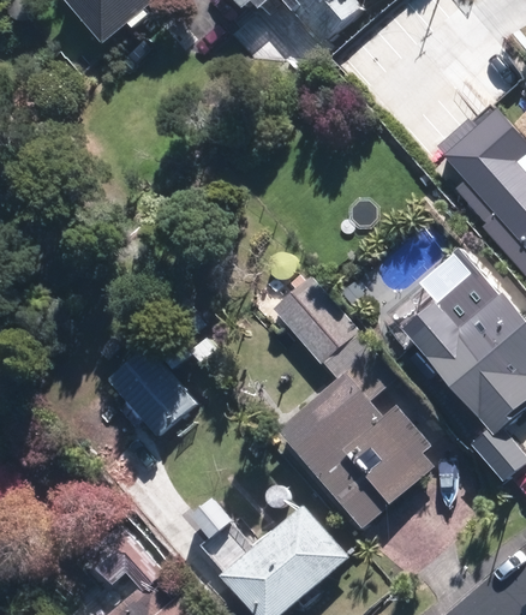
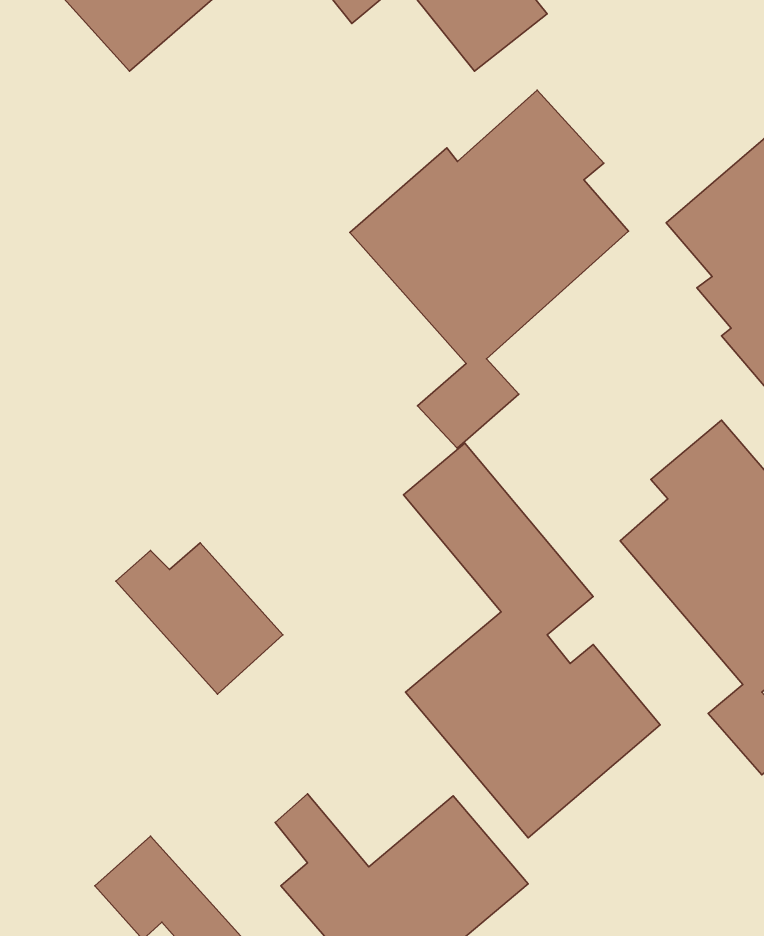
building: none -> [350,90,628,448]

